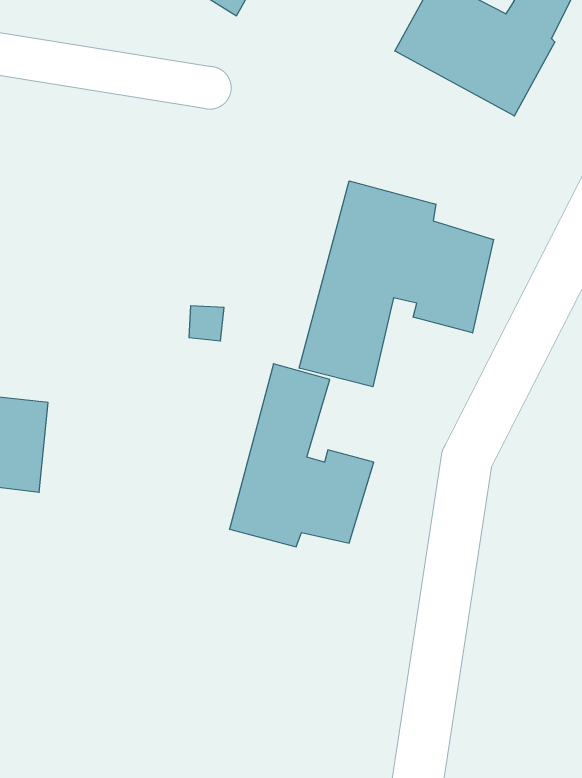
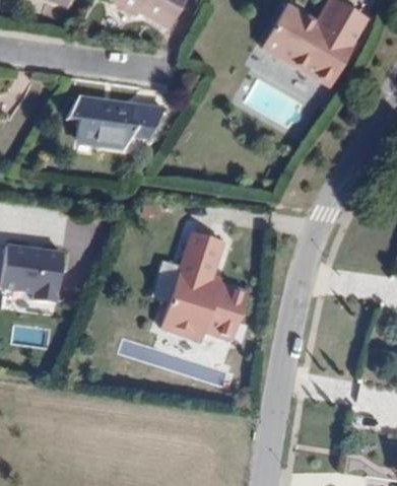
building: none -> [70,95,168,143]
building: [299,181,494,387] -> none

